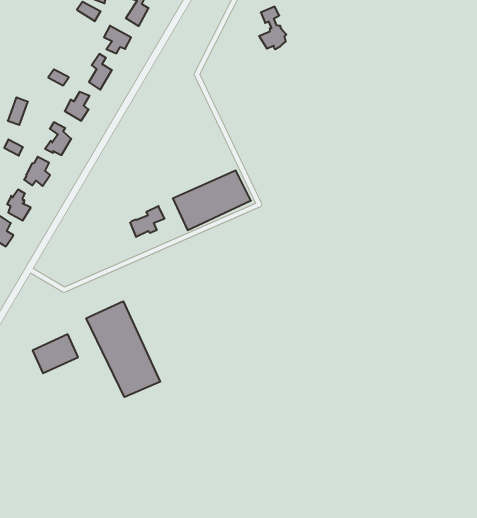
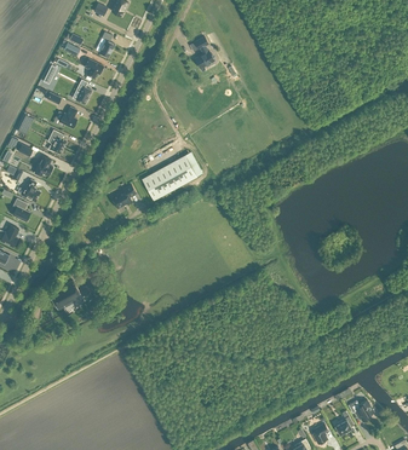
building: [86,301,160,397] -> none

